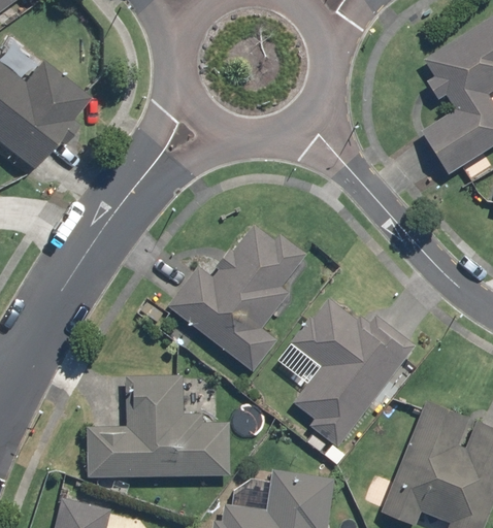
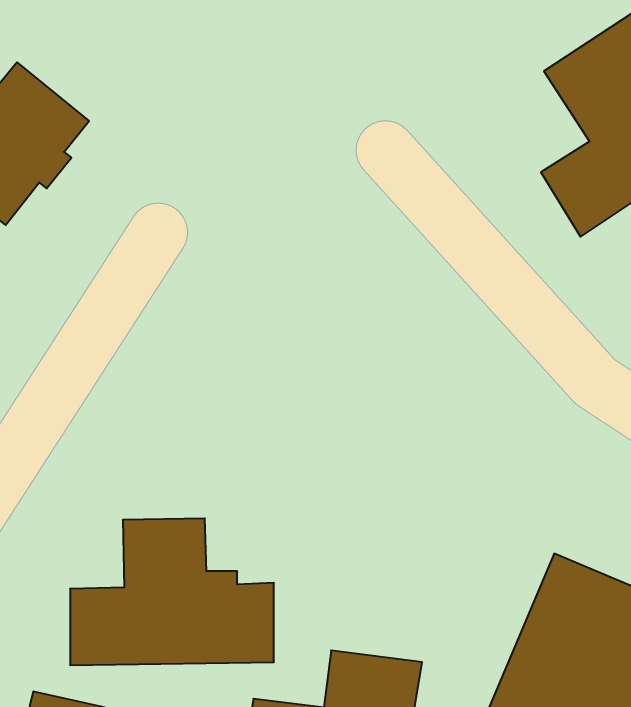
building: [166,226,305,374] -> none
building: [288,295,415,448] -> none

